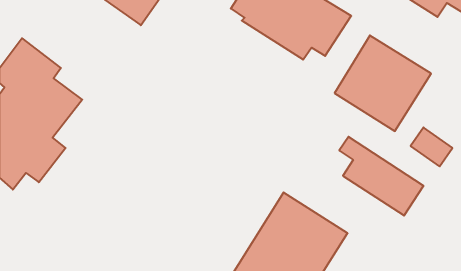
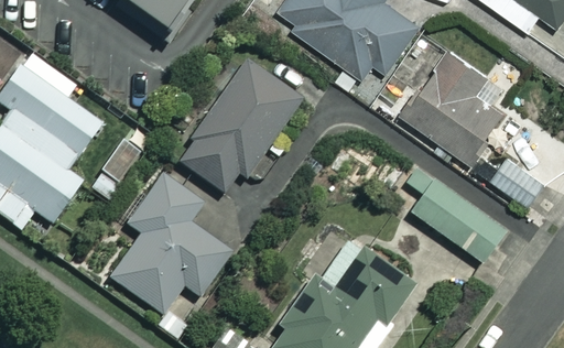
building: none -> [172,55,304,192]
building: none -> [109,170,230,314]

